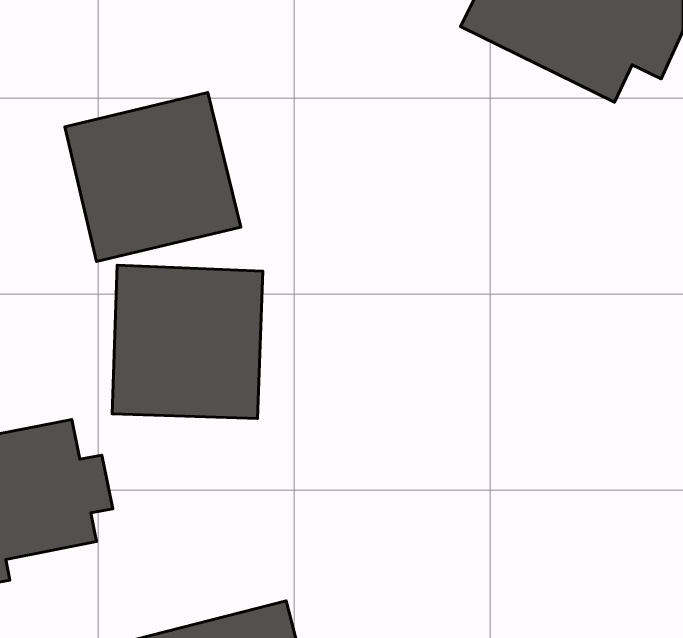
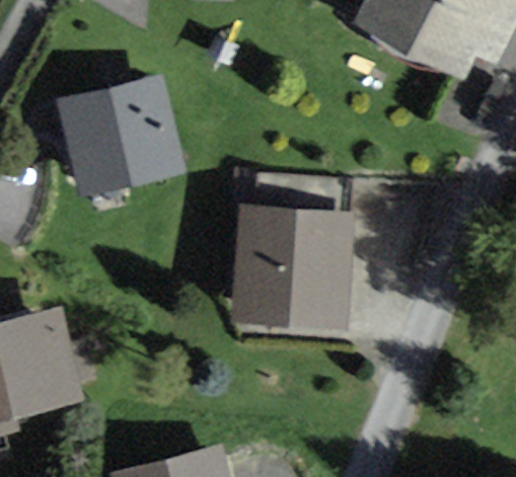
building: [112,265,263,418] -> none
building: none -> [237,204,353,326]

